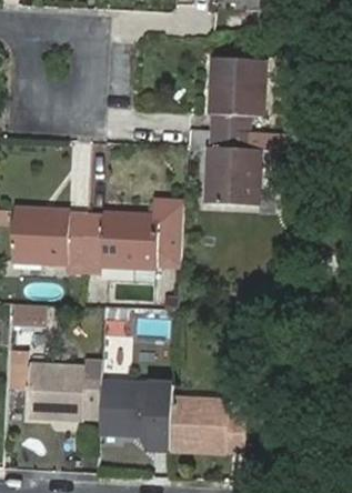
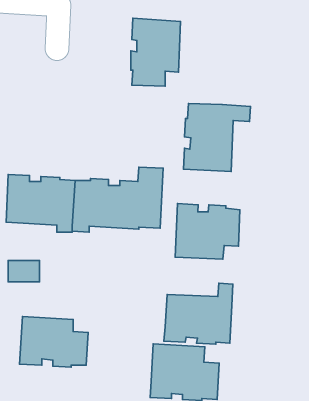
building: [210,57,264,131] -> [131,18,181,86]
building: none -> [175,204,240,259]
building: [98,369,173,435] -> [164,283,233,344]

